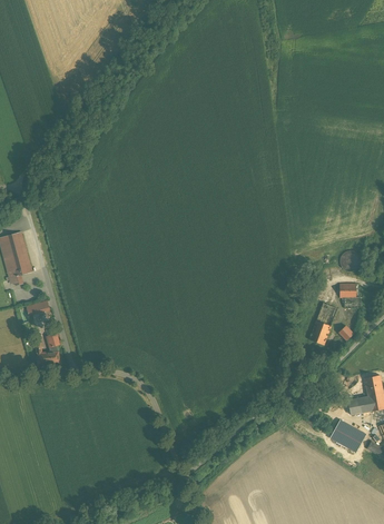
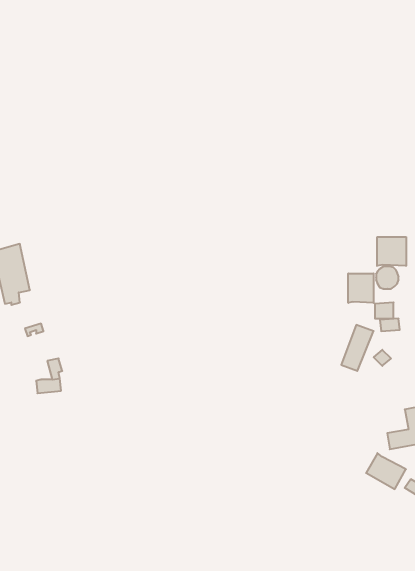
building: none -> [377,237,406,266]
building: none -> [348,273,374,303]

